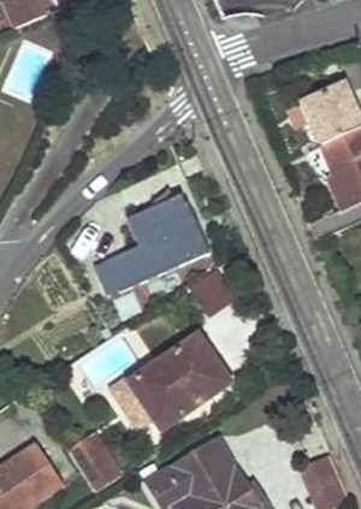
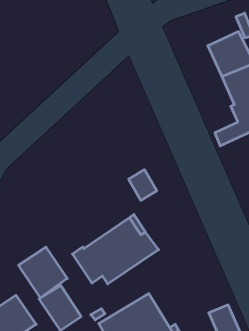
building: [94,193,209,291] -> none
building: none -> [19,247,67,298]

